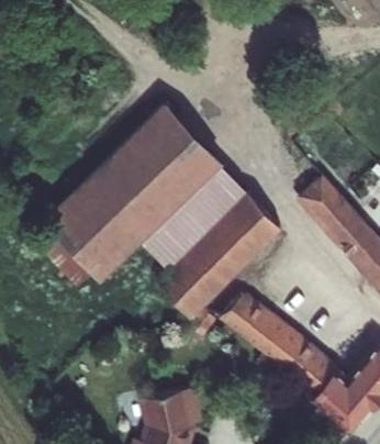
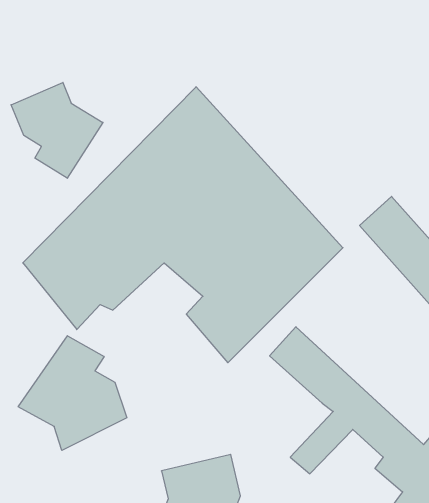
building: none -> [11,82,103,178]
building: none -> [18,336,127,450]

